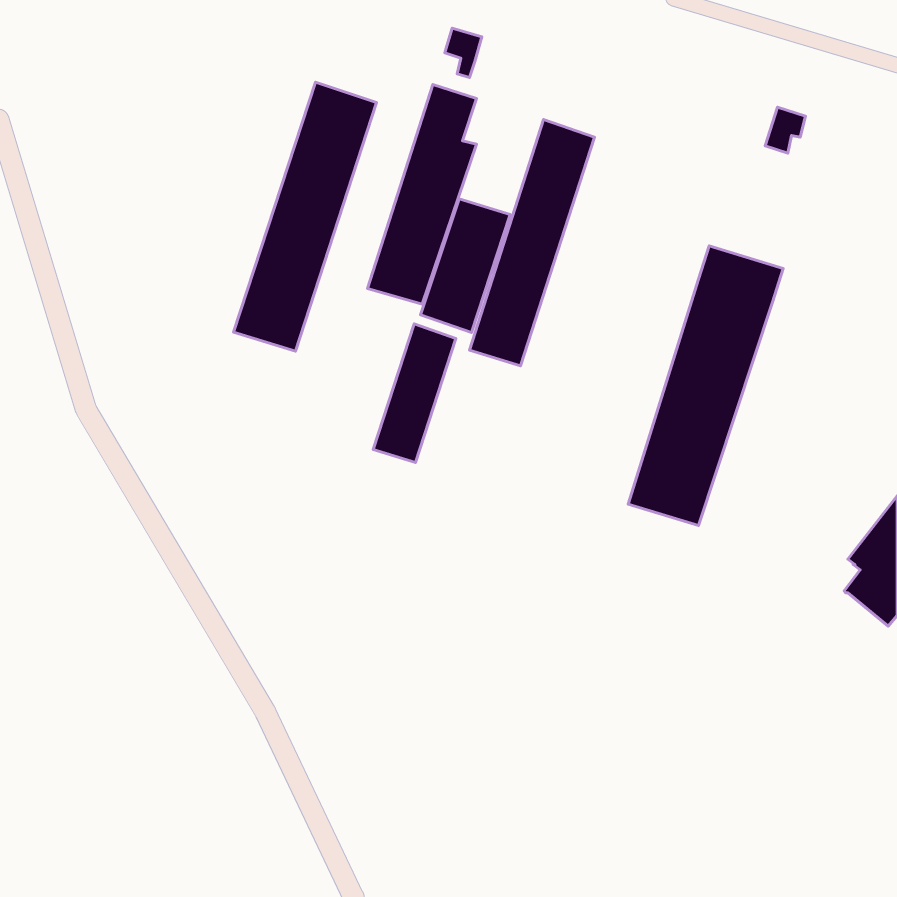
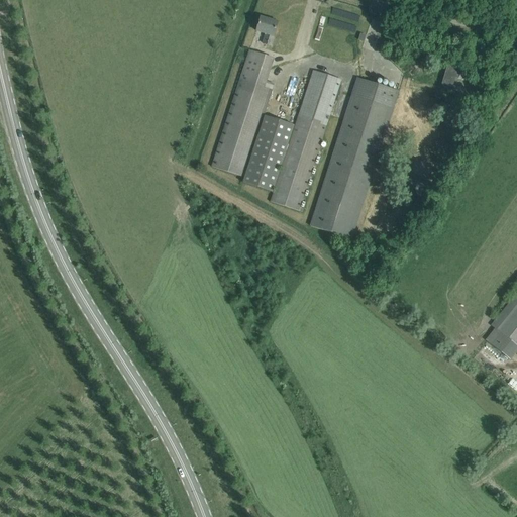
building: [233,82,376,351] -> none
building: [628,246,783,525] -> [310,77,399,237]
building: [373,324,456,463] -> none

